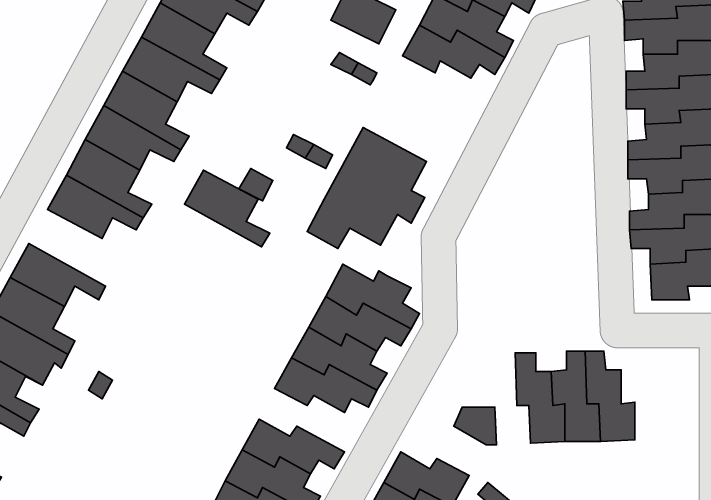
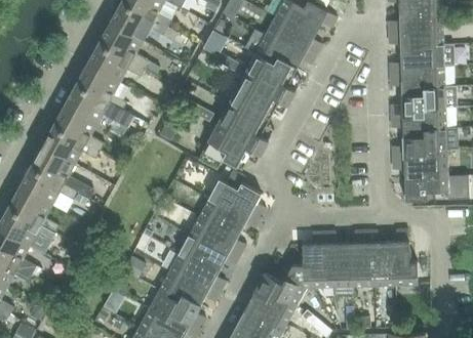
building: none -> [232,54,297,118]
building: [185,170,270,247] -> [31,146,82,193]
building: none -> [387,230,418,285]
building: none -> [302,233,332,288]
building: none -> [169,254,226,292]
building: none -> [254,273,306,306]

